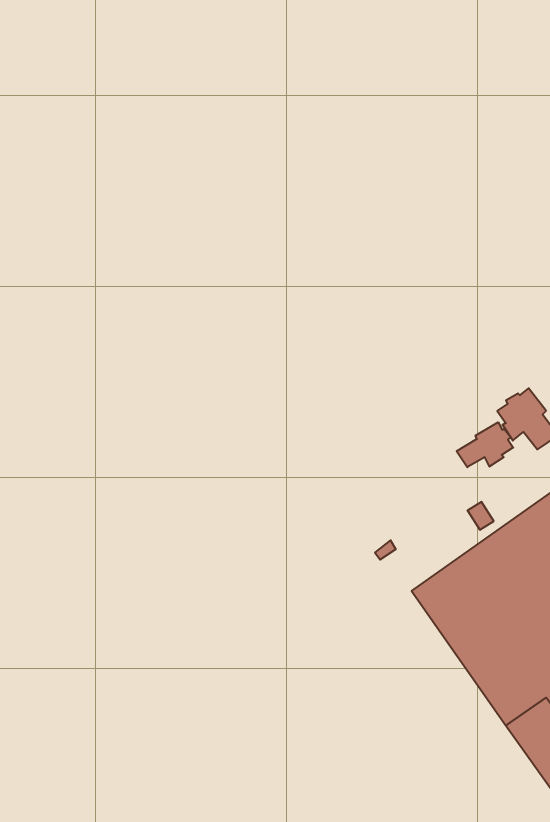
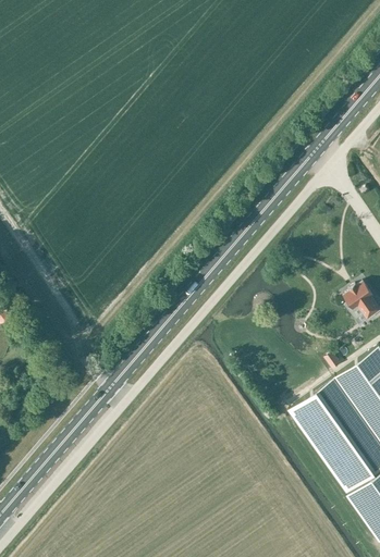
building: [457,422,513,467] -> none

